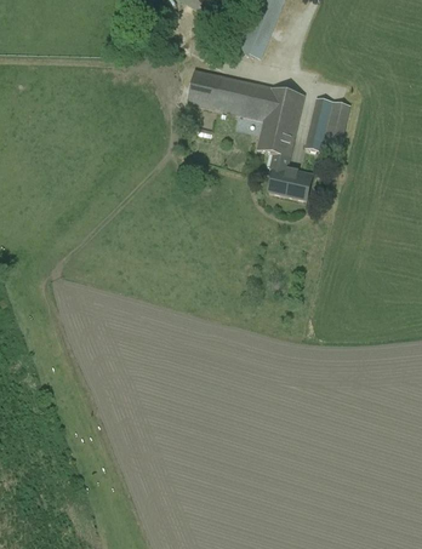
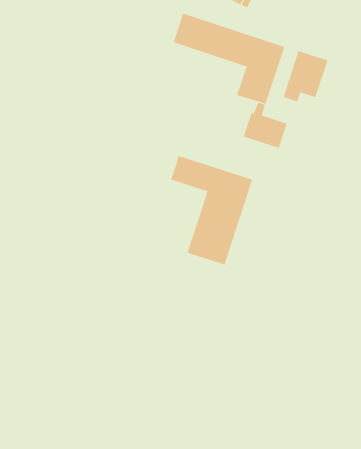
building: none -> [170,155,253,265]

